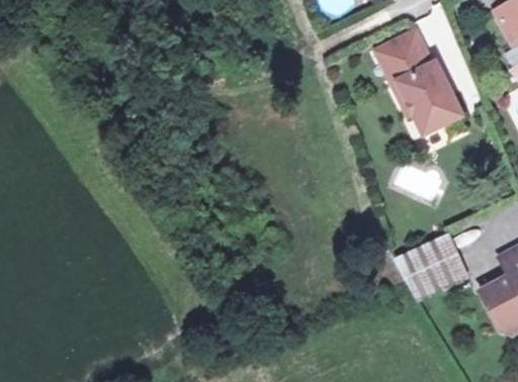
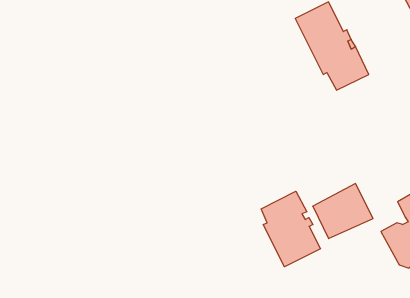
building: none -> [261,191,320,267]

